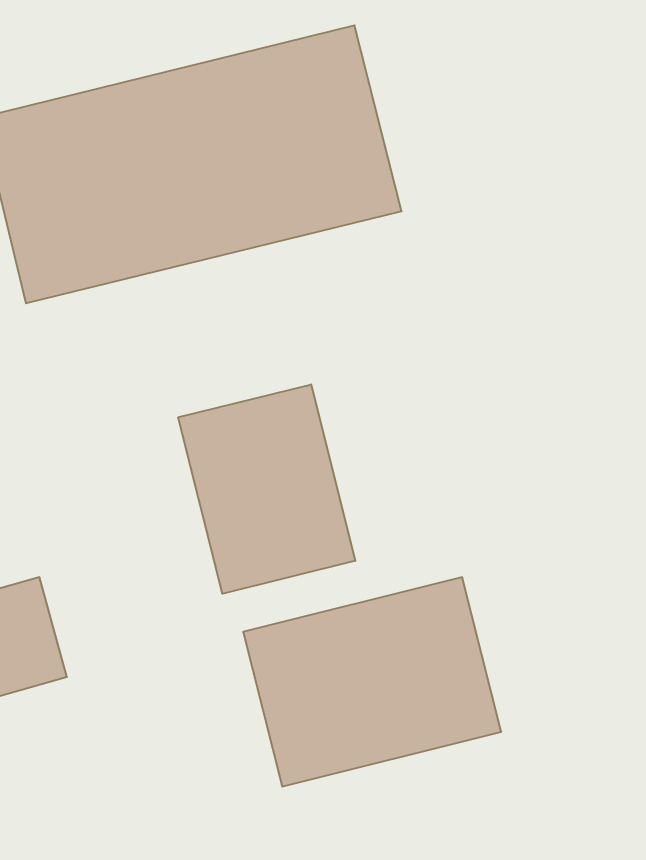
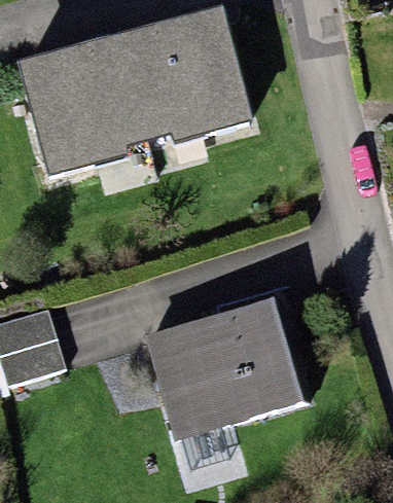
building: [178,384,355,594] -> none

